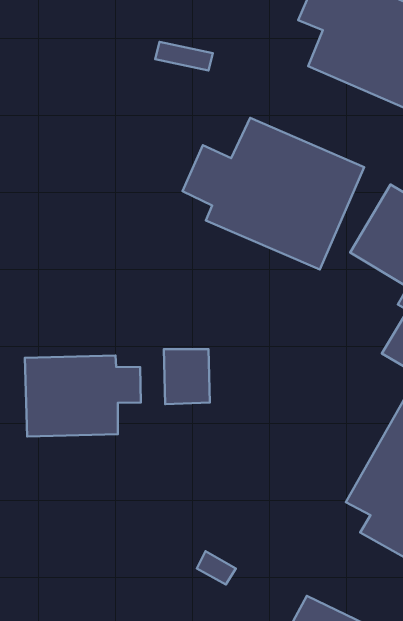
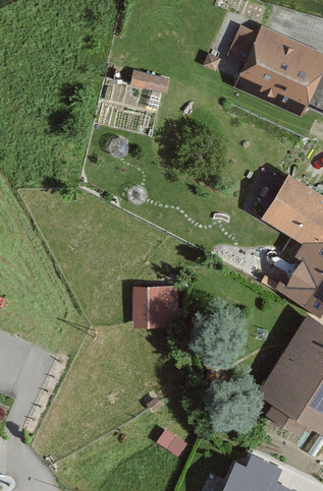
building: [183,118,364,270] -> none
building: [25,355,141,436] -> none

